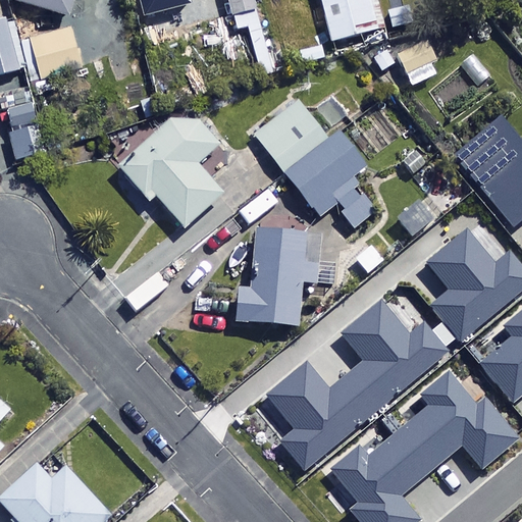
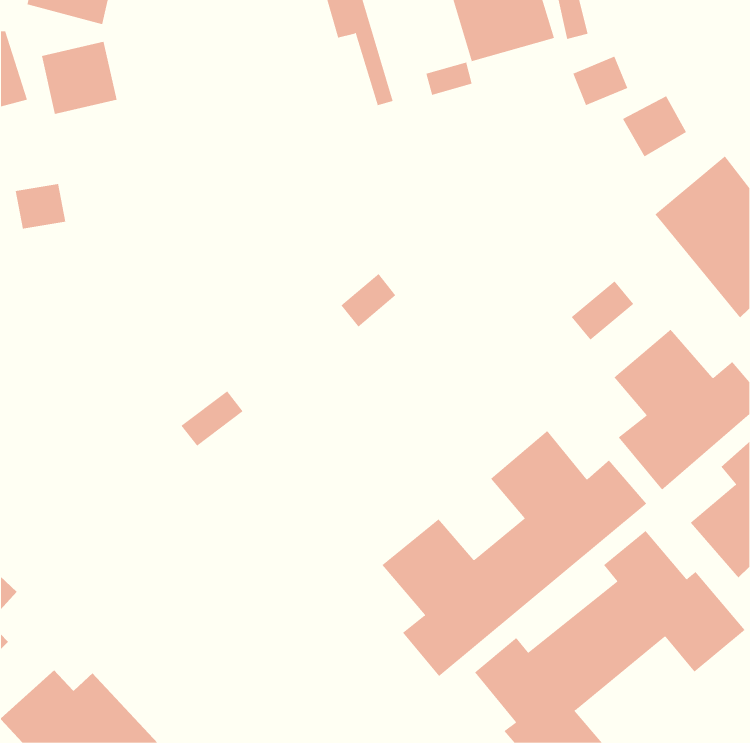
building: [252,97,374,225] -> none
building: [121,110,222,227] -> none
building: [238,231,335,326] -> none

